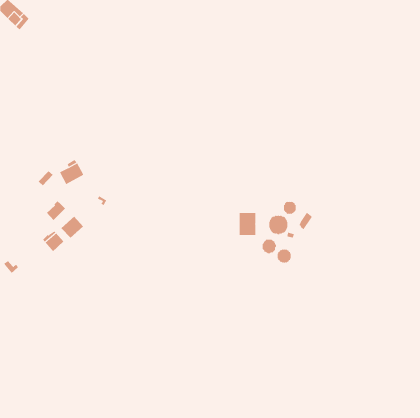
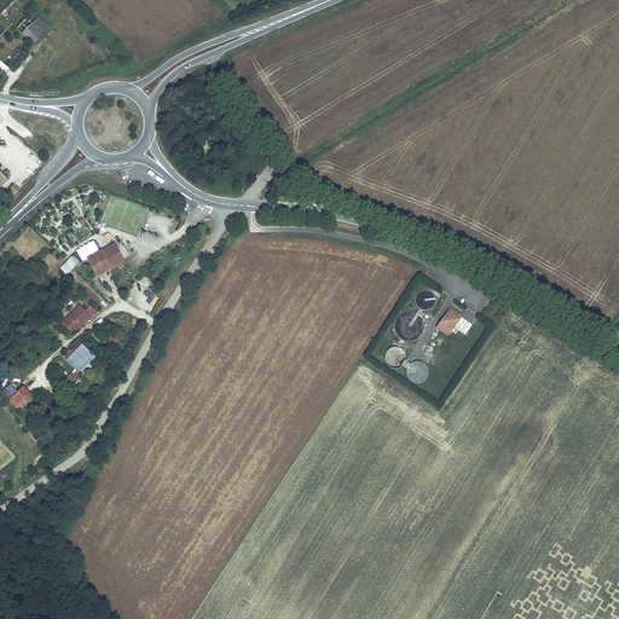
building: [239,212,256,236] -> none
building: [61,216,84,239] -> none

